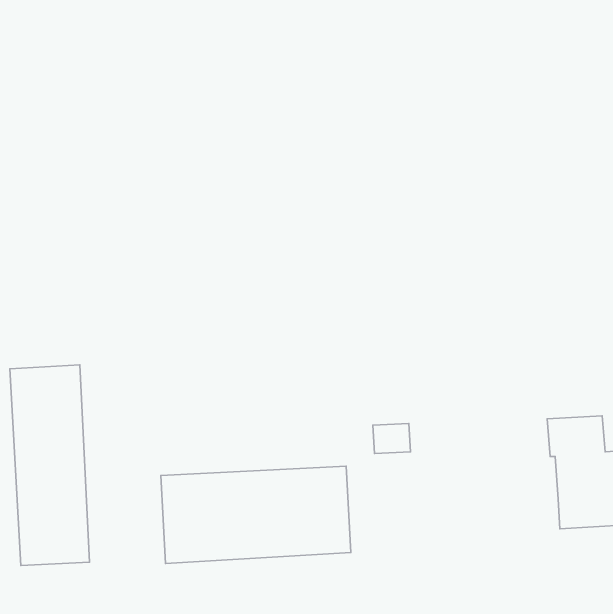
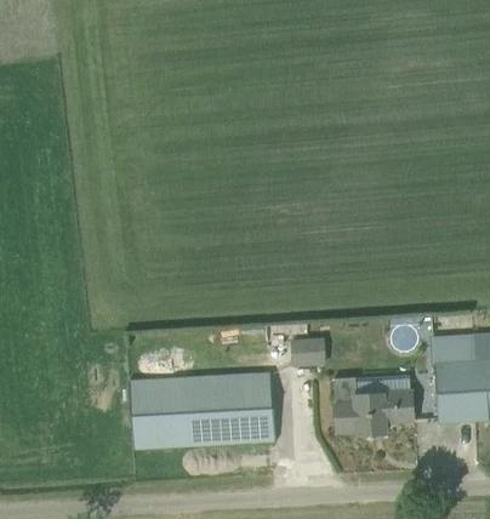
building: [10,365,89,566] -> none
building: none -> [335,378,414,435]

